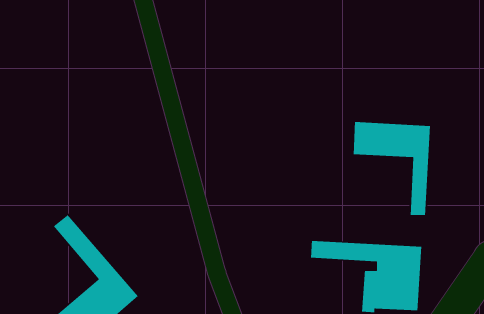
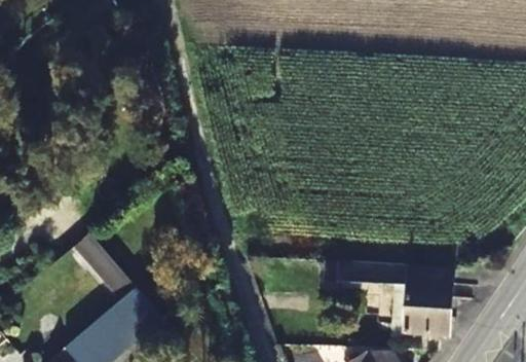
building: [353,121,431,216] -> none

